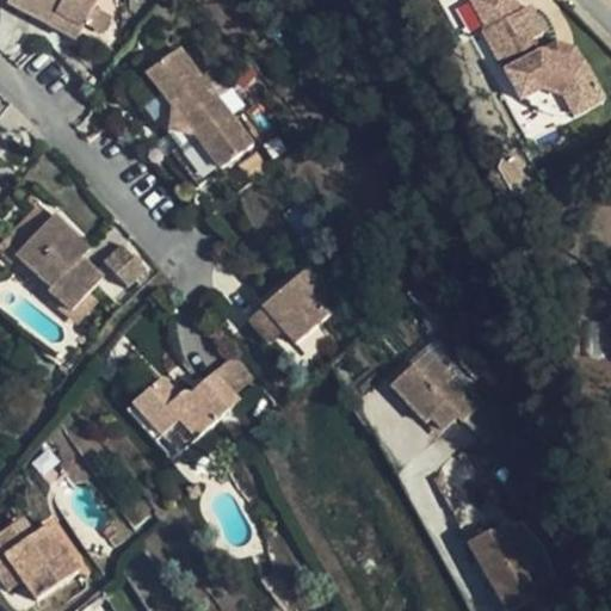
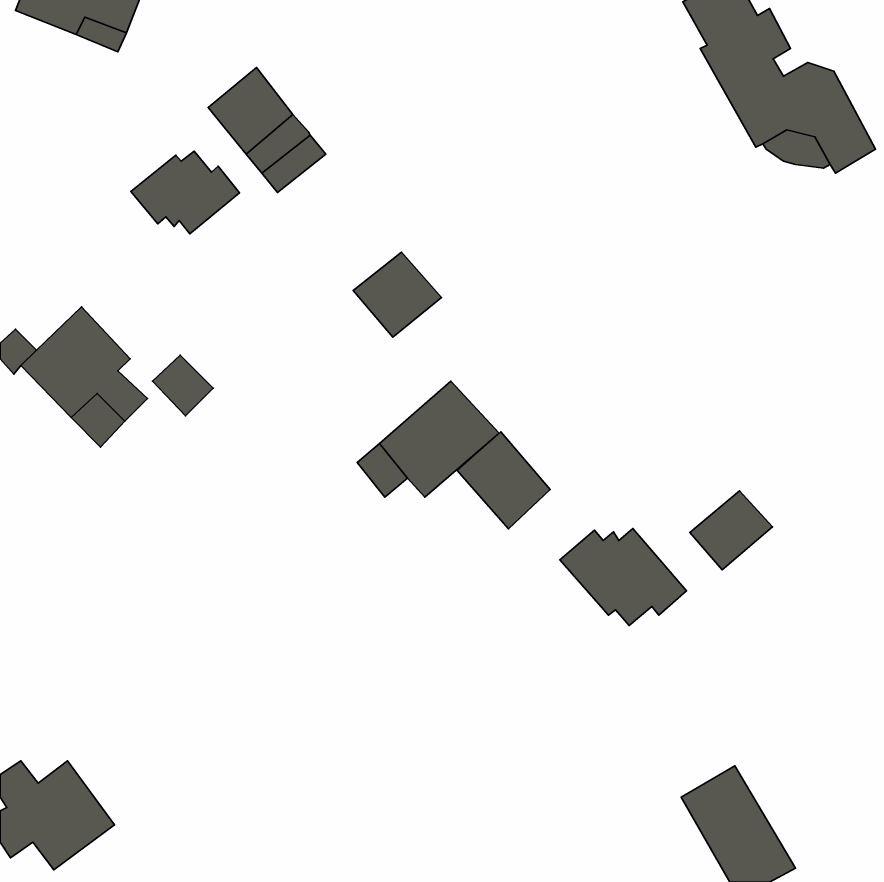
building: none -> [131,151,240,234]
building: [192,106,253,165] -> [353,252,442,337]
building: none -> [457,432,550,529]
building: none -> [690,491,773,570]
building: [135,369,240,449] -> none

